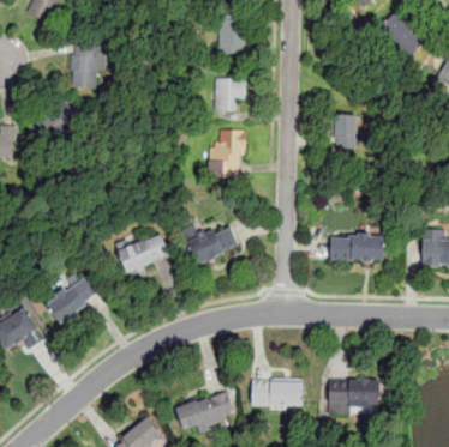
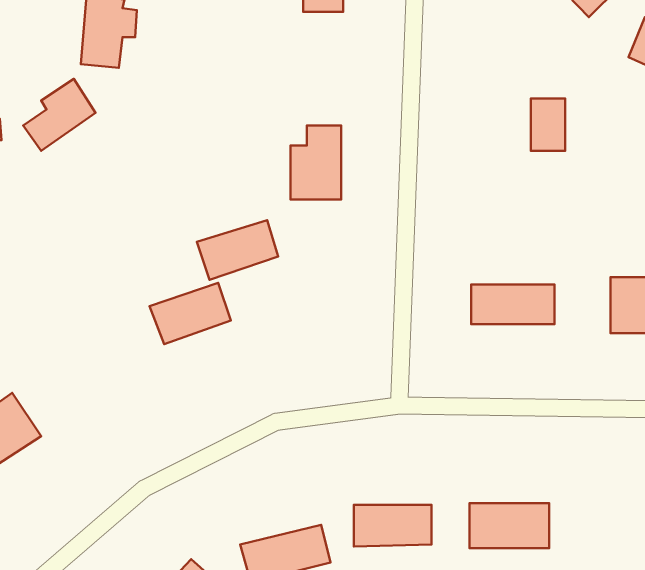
building: [214,77,244,110] -> none
building: [333,114,355,149] -> [531,98,565,151]
building: [187,224,241,264] -> [197,220,278,280]
building: [46,273,102,322] -> none

